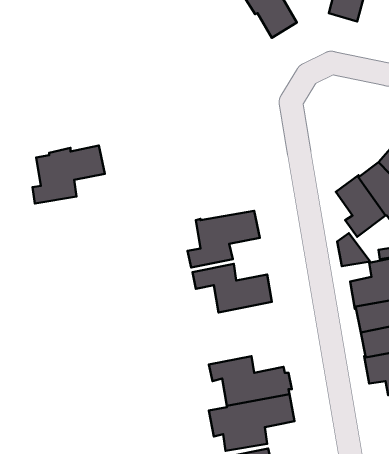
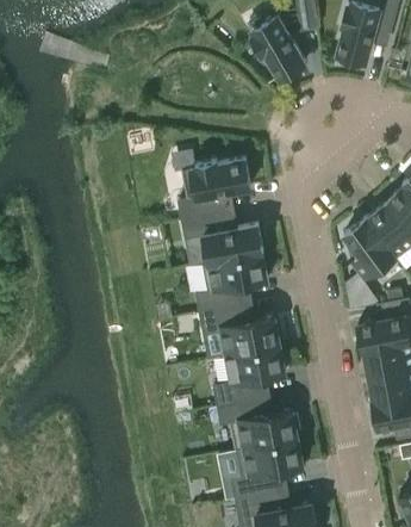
building: [33,146,105,204] -> [179,159,251,217]
building: none -> [182,216,263,262]
building: none -> [213,345,286,403]

